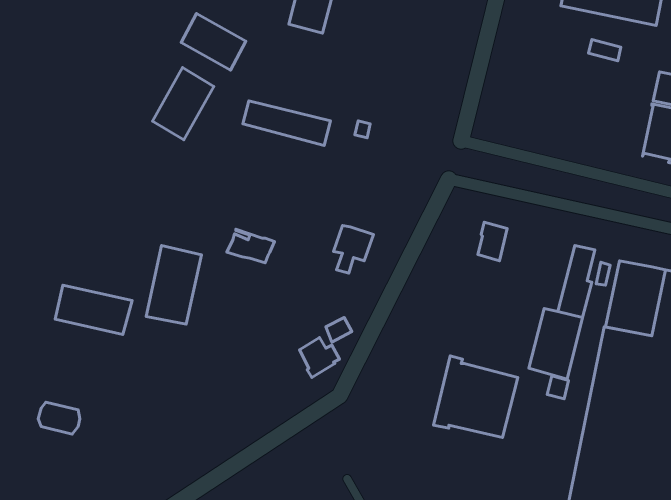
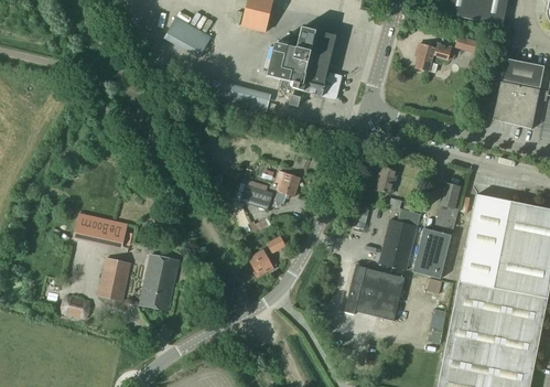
building: none -> [266,26,341,98]
building: none -> [416,42,454,71]
building: [152,68,214,140] -> none
building: [227,229,274,263] -> [238,184,272,208]
building: [146,246,201,324] -> [139,254,179,310]
building: none -> [378,209,420,270]
building: none -> [97,257,130,301]

